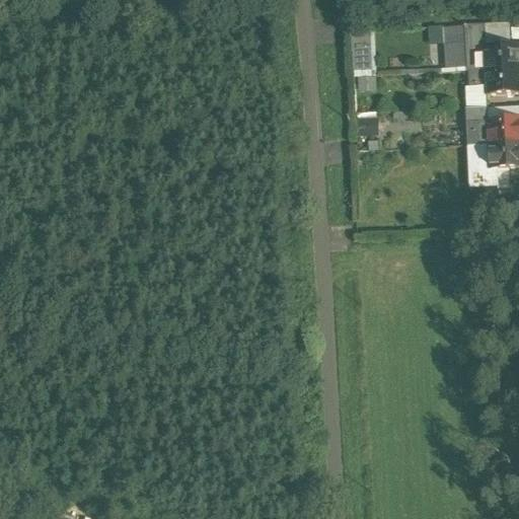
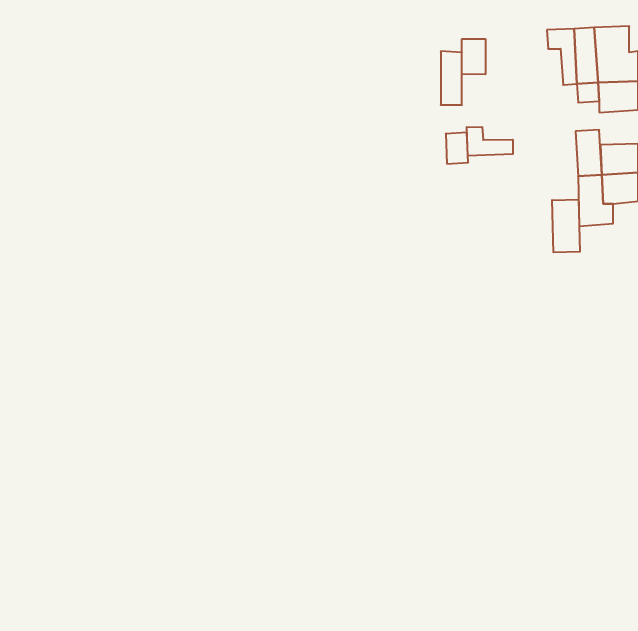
building: none -> [462,39,485,74]
building: none -> [467,127,513,156]
building: none -> [552,199,580,252]

